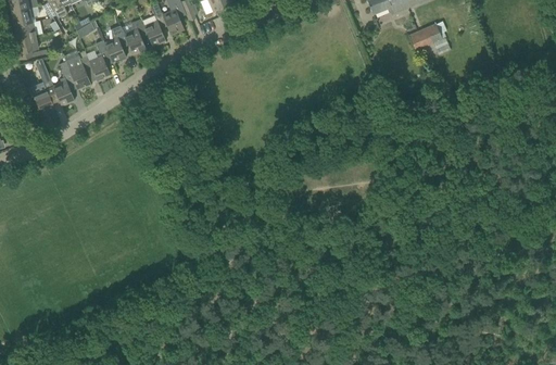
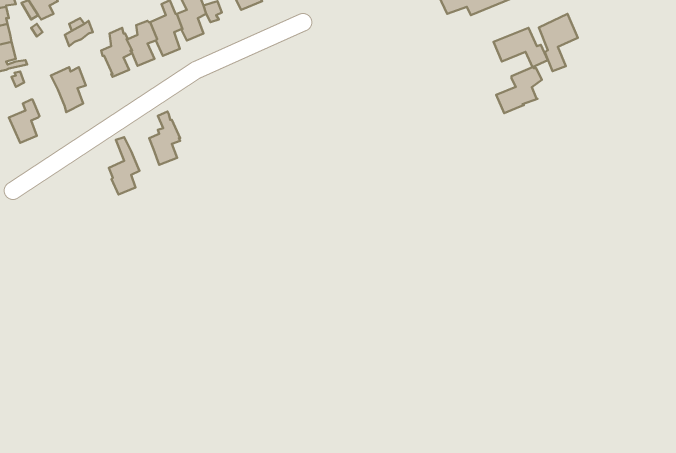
building: none -> [539,14,578,71]
building: [89,39,113,80] -> [149,111,180,165]
building: none -> [496,67,542,113]
building: [53,61,77,105] -> [109,137,140,195]

